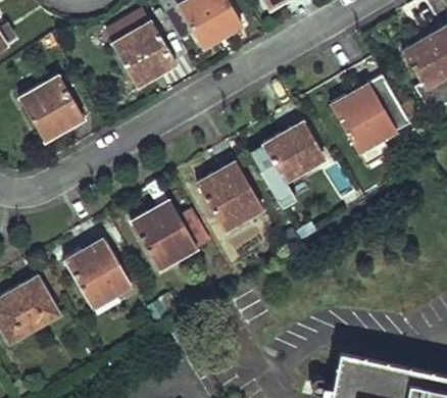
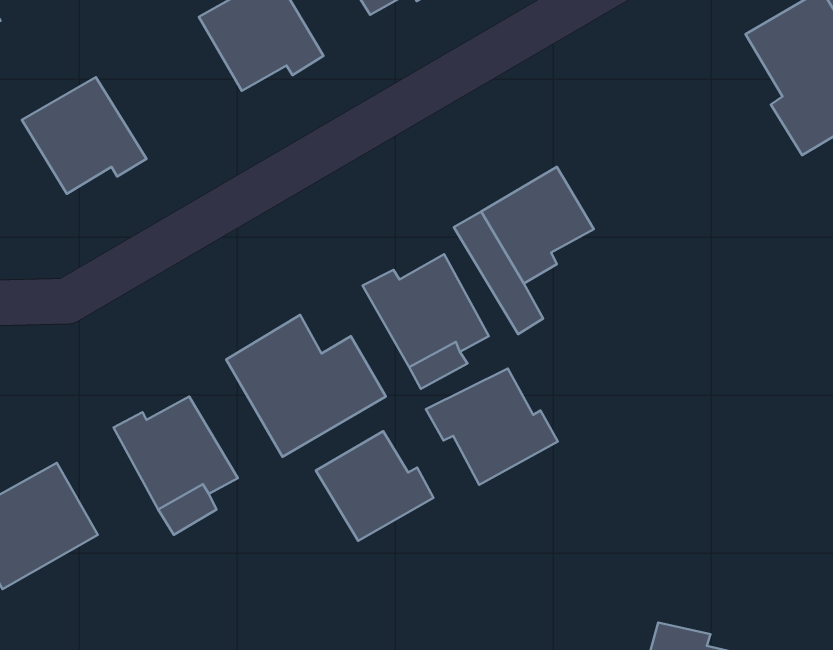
building: [327,76,408,168] -> none
building: none -> [426,369,558,485]
building: none -> [316,431,433,541]

